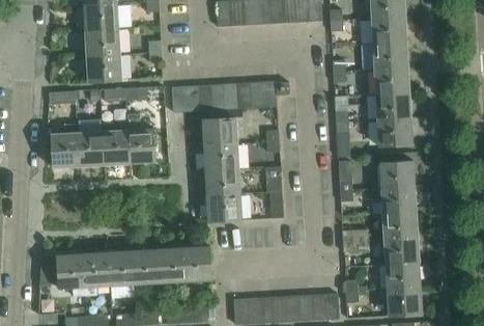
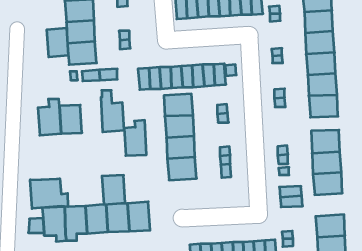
building: none -> [47,28,68,57]
building: [102,121,129,164] -> [124,120,146,156]
building: none -> [30,179,68,209]
building: [383,237,419,265] -> none
building: [183,246,211,281] -> [102,175,125,204]

